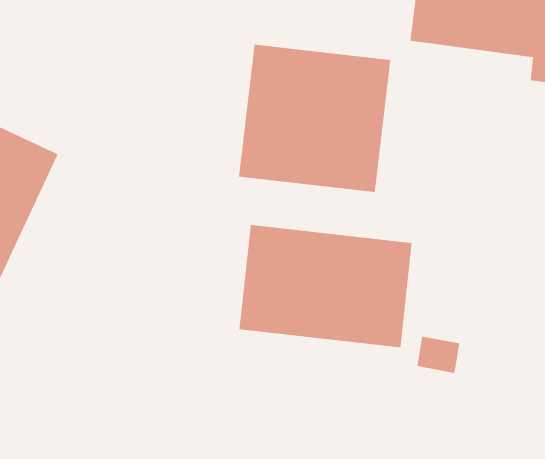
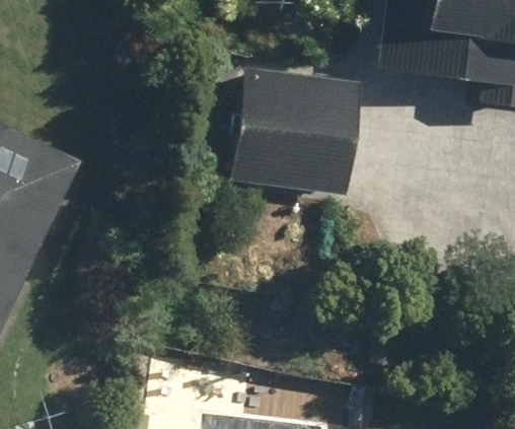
building: [239,224,412,348] -> none

